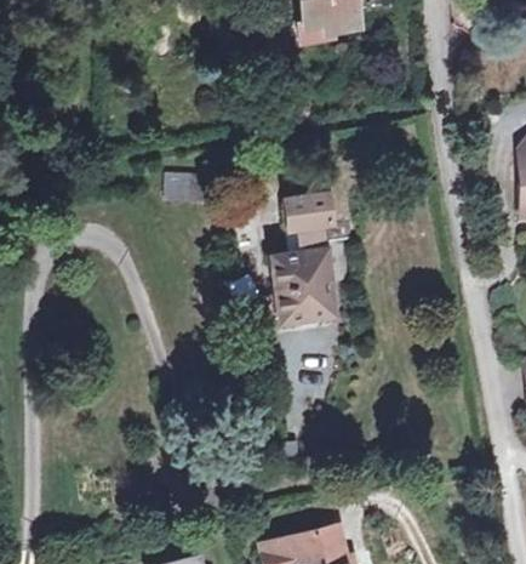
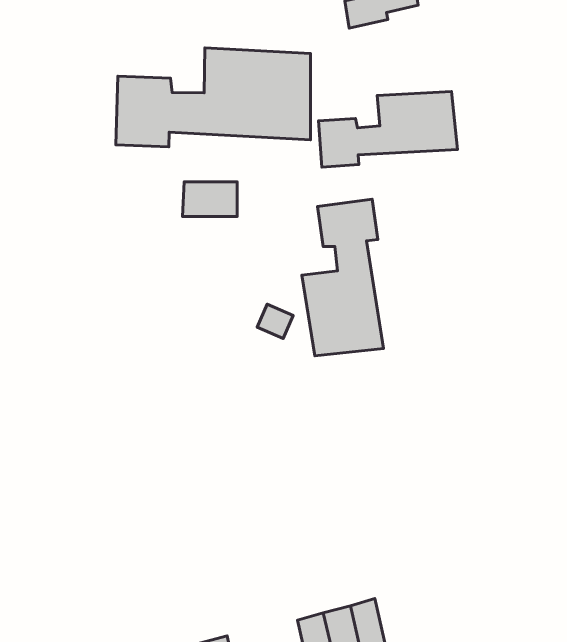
building: none -> [116,48,311,147]
building: none -> [318,92,457,167]

